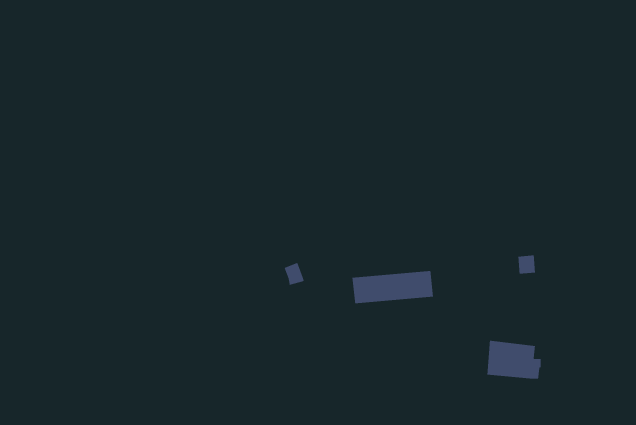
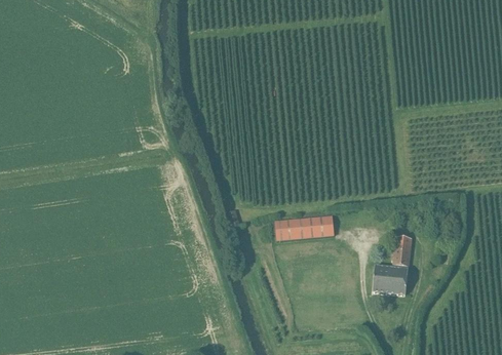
building: none -> [392,237,412,267]

